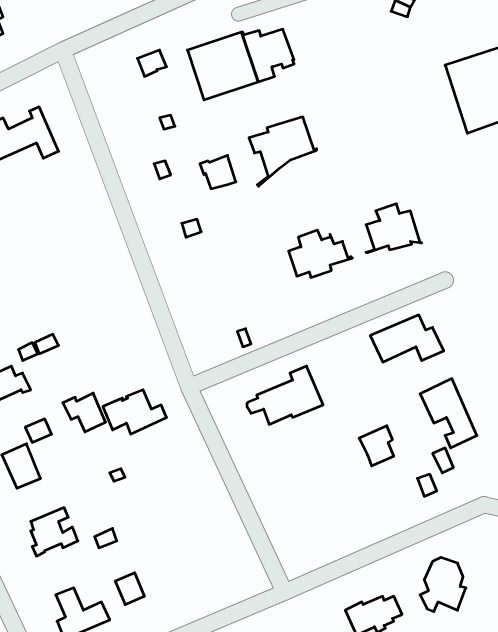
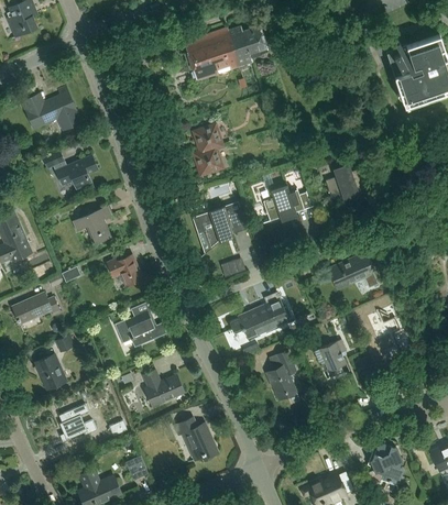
building: [249,117,317,186] -> [194,202,248,257]
building: none -> [195,149,222,175]
building: none -> [43,150,98,189]
building: none -> [73,207,111,244]
building: [63,393,106,432] -> [108,255,142,286]
building: none -> [266,352,296,400]
building: none -> [143,370,183,406]
building: none -> [174,417,219,460]

